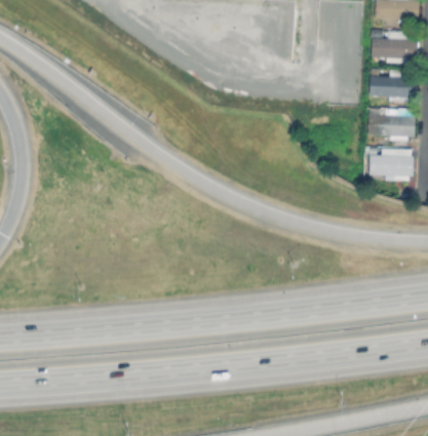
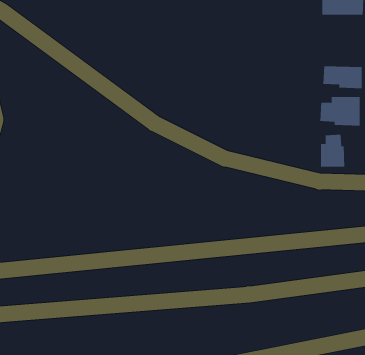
building: [371,76,410,102] -> none
building: none -> [320,134,345,167]

